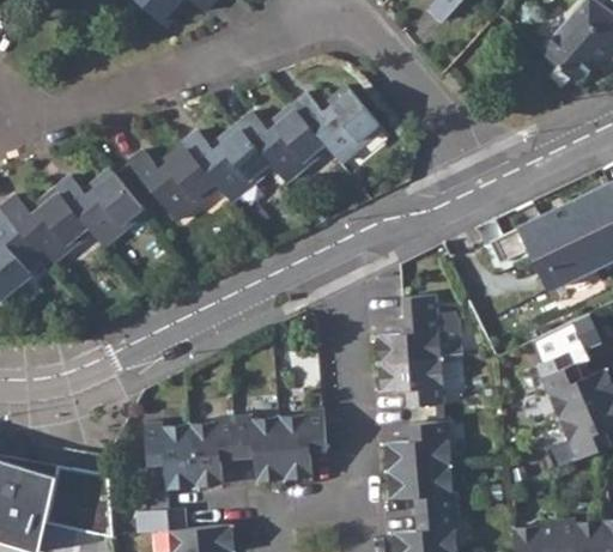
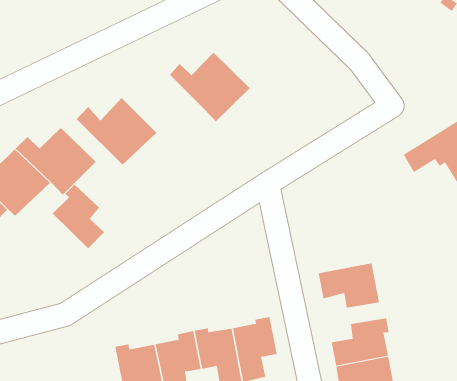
building: [290,85,381,163] -> none
building: [181,123,272,200] -> none
building: none -> [52,184,105,249]
building: [377,297,465,364] -> none

